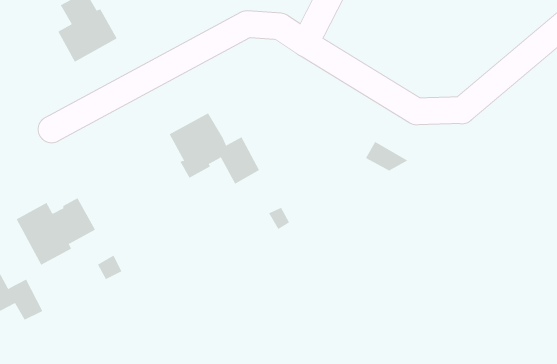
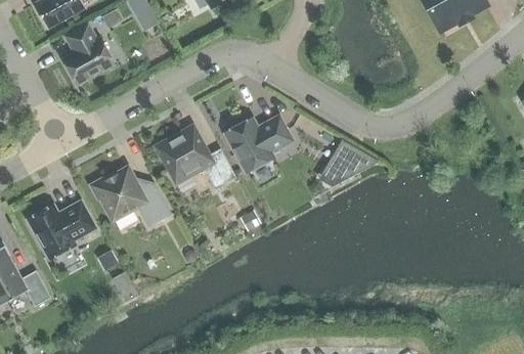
building: none -> [224,116,293,172]
building: none -> [88,167,170,226]

